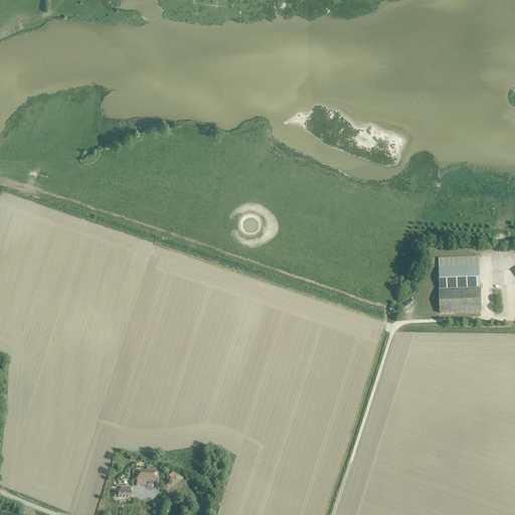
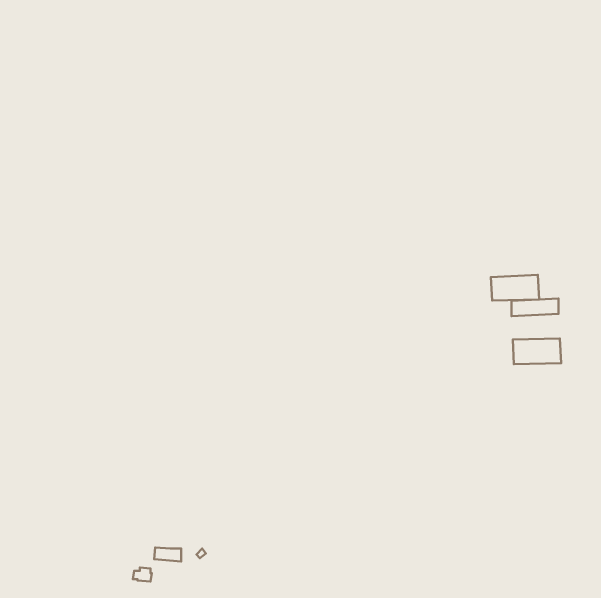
building: [438,269,479,291] -> [491,275,539,301]

